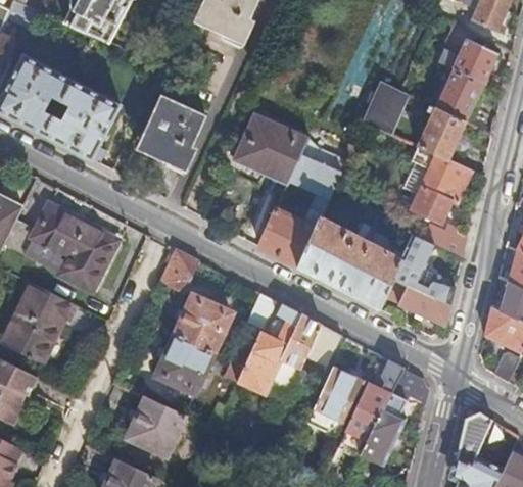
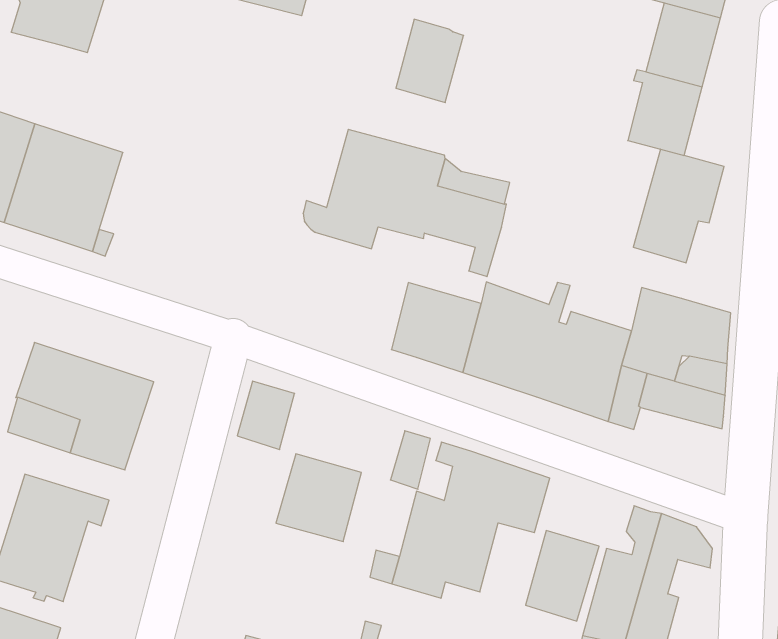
building: [363,80,408,132] -> [396,19,464,103]
building: [137,95,204,166] -> none
building: [155,336,211,392] -> none

